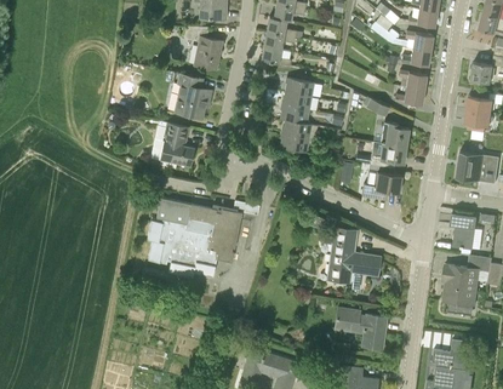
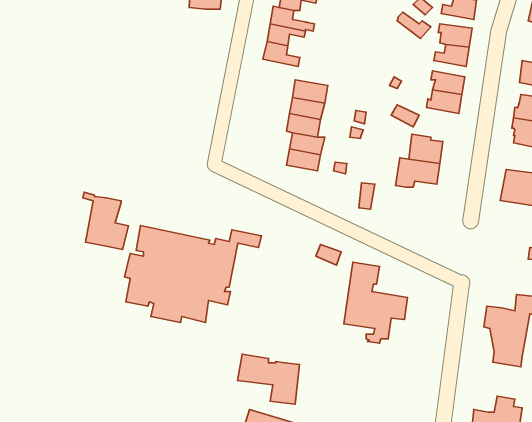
building: [184,27,222,69] -> none
building: [176,73,212,119] -> none
building: [158,120,195,167] -> [83,192,128,249]
building: [361,172,401,200] -> none
building: [451,214,475,248] -> none
building: [335,308,385,349] -> [238,354,300,404]

